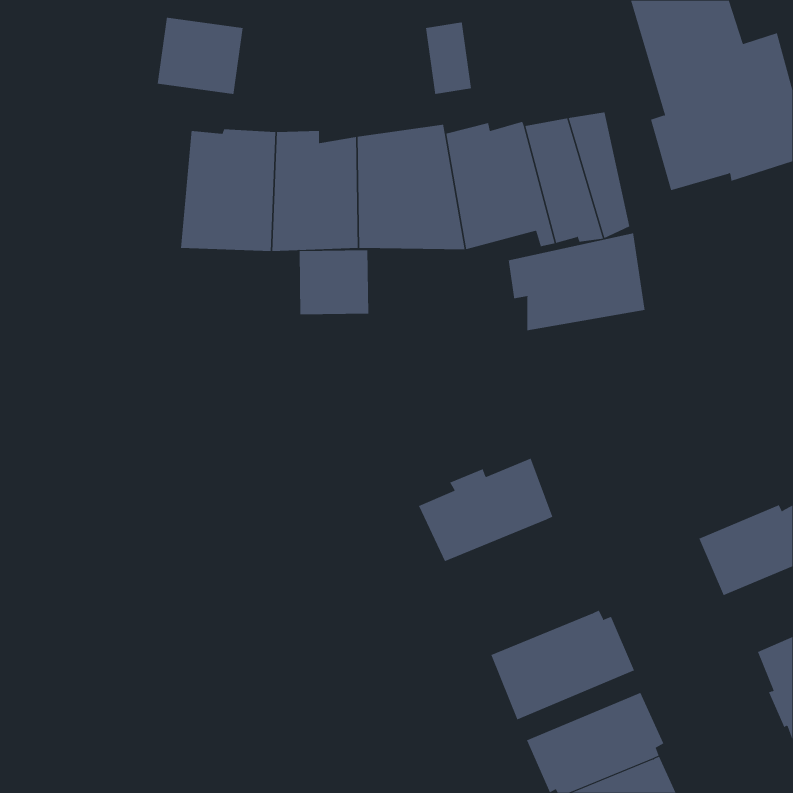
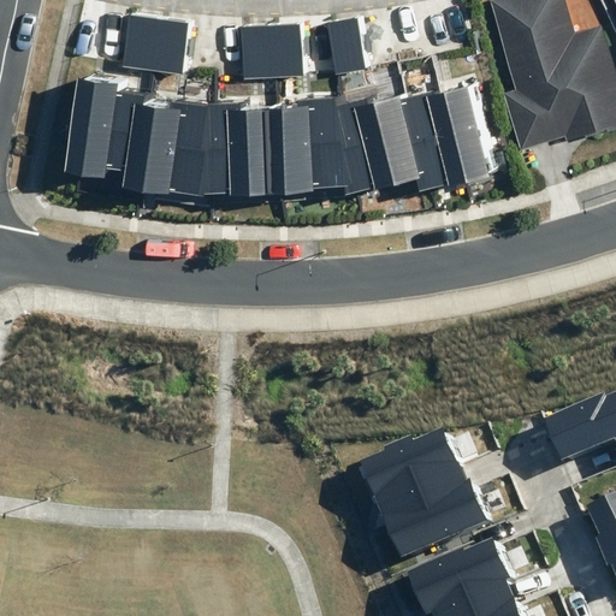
building: none -> [239,23,303,79]
building: none -> [66,79,148,192]
building: [508,232,645,331] -> none
building: [299,249,369,315] -> none
building: [418,458,553,562] -> [360,427,464,508]

